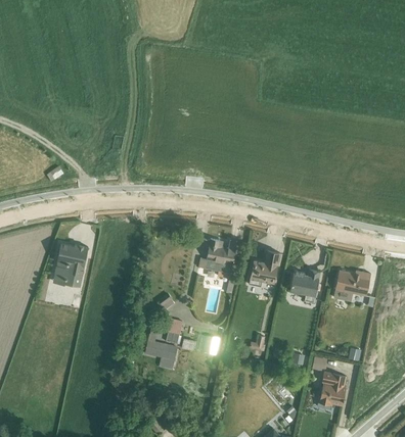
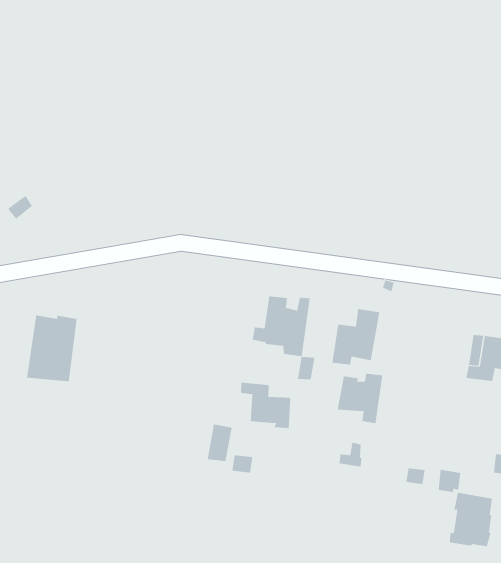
building: [288,270,319,302] -> [337,373,383,424]
building: none -> [240,382,291,429]
building: [144,334,176,370] -> none

